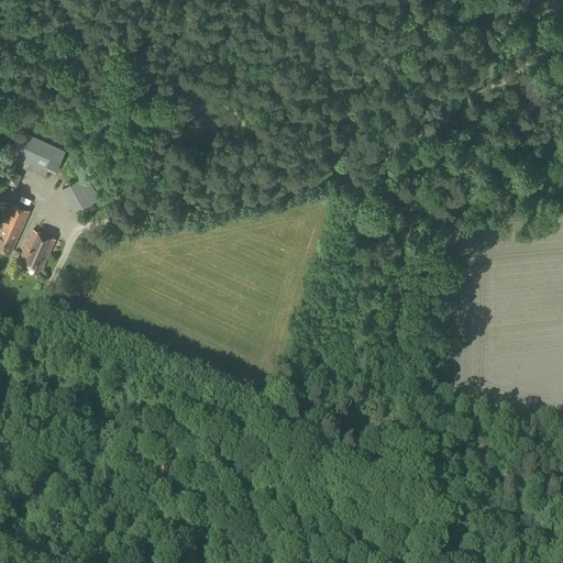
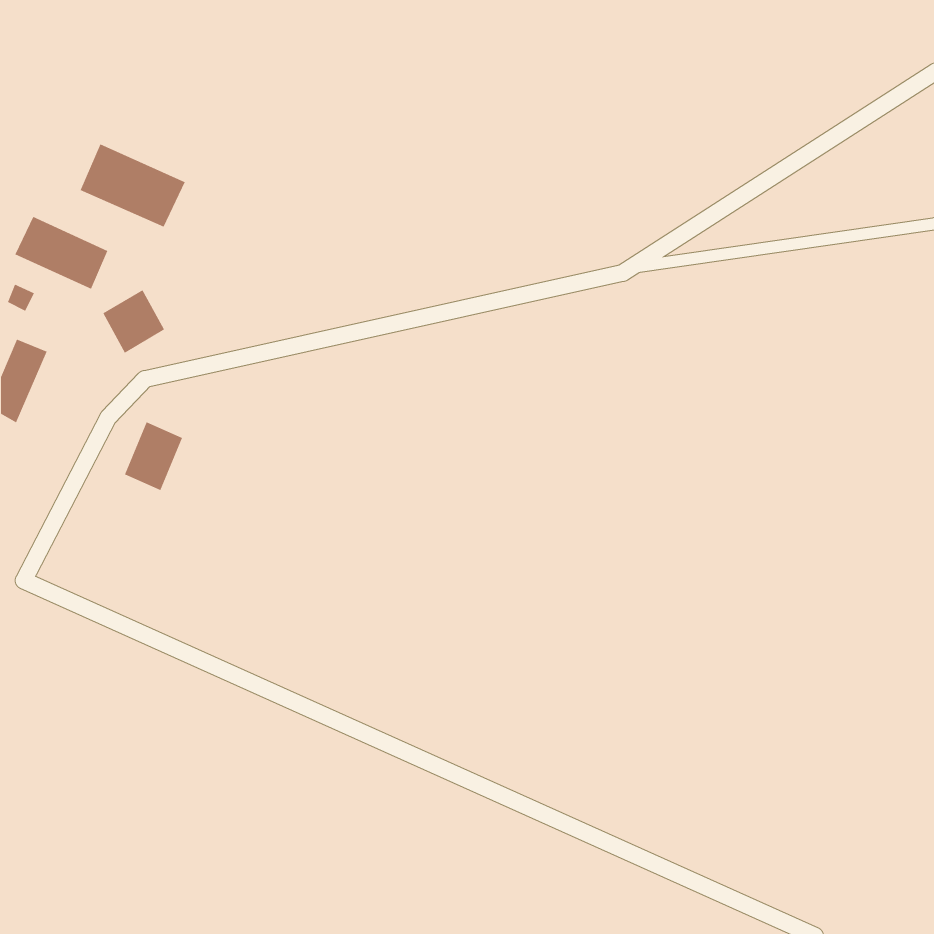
building: none -> [80,143,185,227]
building: [20,230,55,272] -> [124,421,183,491]

